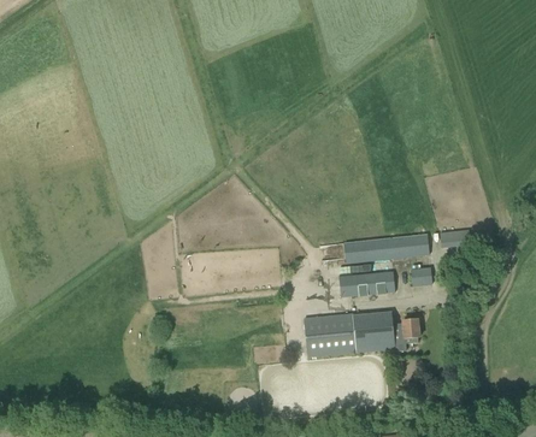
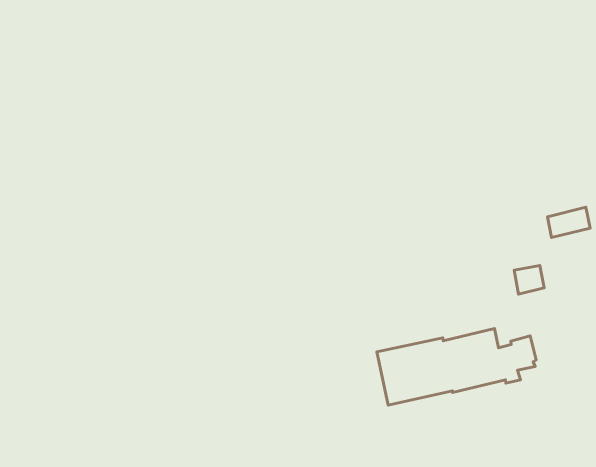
building: [343,234,429,264] -> none
building: [338,271,394,297] -> none

